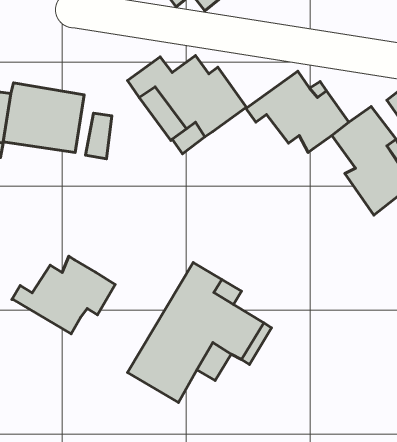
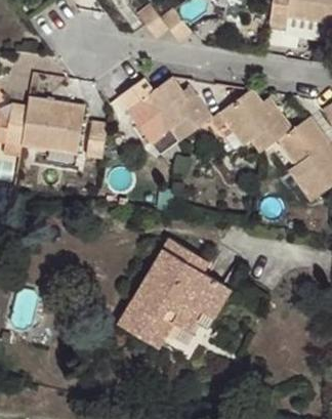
building: [12,256,115,334] -> none

